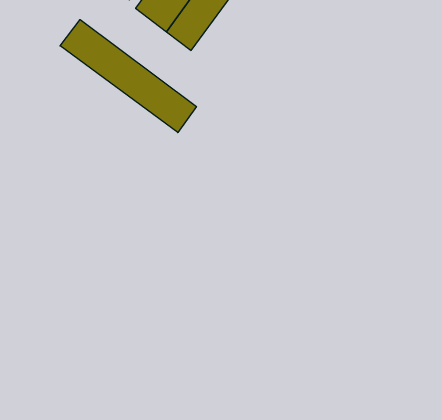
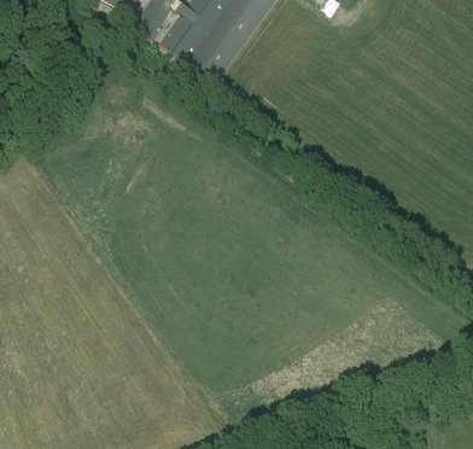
building: [60,20,196,133] -> none

